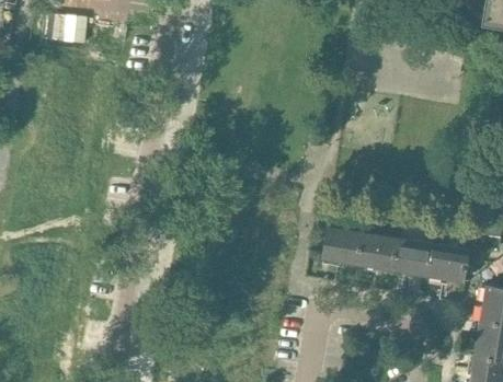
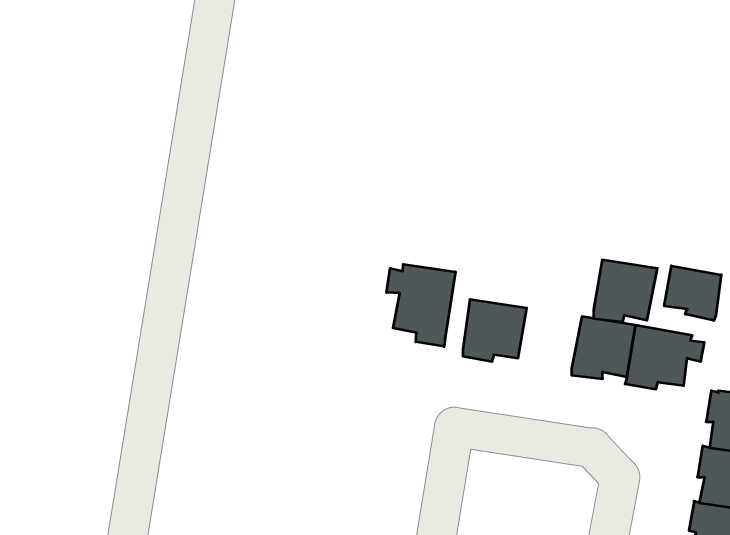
building: none -> [387,264,455,347]
building: none -> [664,266,721,321]
building: [359,234,400,274] -> [594,260,657,322]

